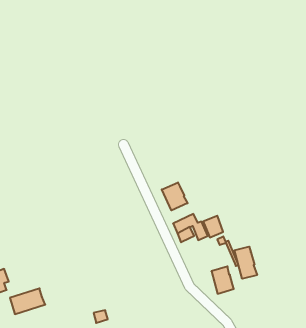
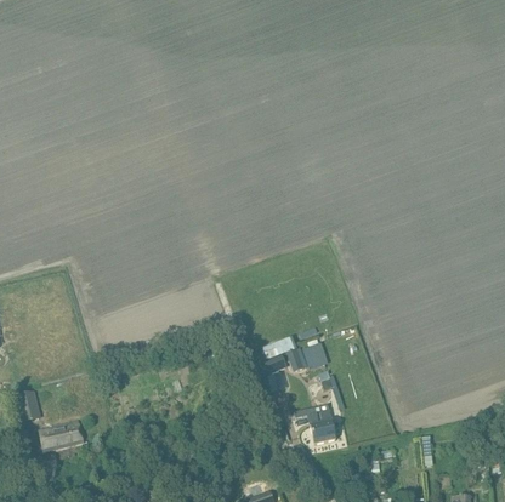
building: [162,182,188,210] -> none
building: [234,247,257,279] -> none

